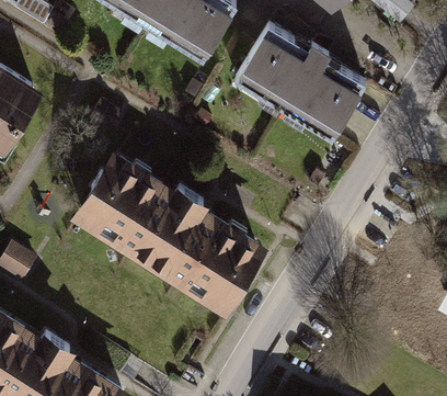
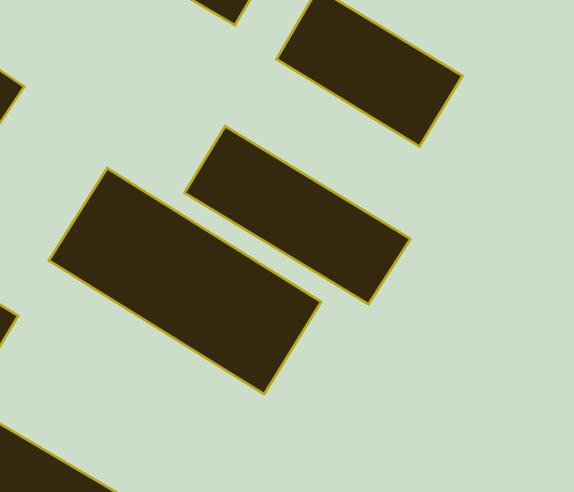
building: none -> [185,126,410,304]

